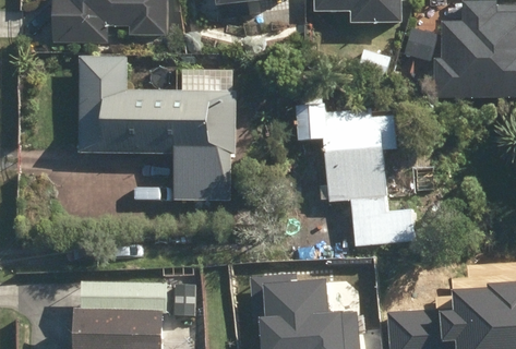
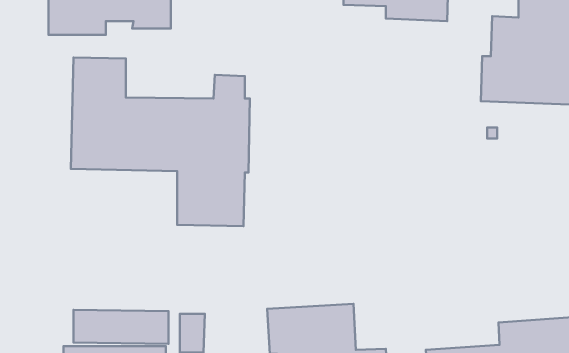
building: [292,97,413,249] -> none

